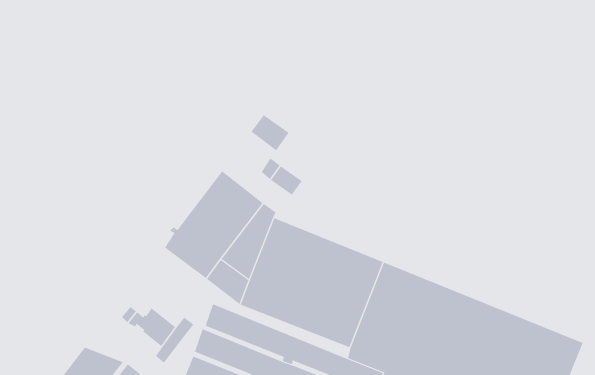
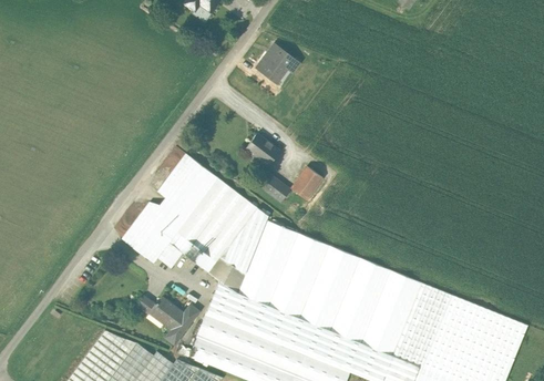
building: none -> [256,43,298,80]
building: none -> [122,154,218,264]
building: none -> [291,166,321,198]

